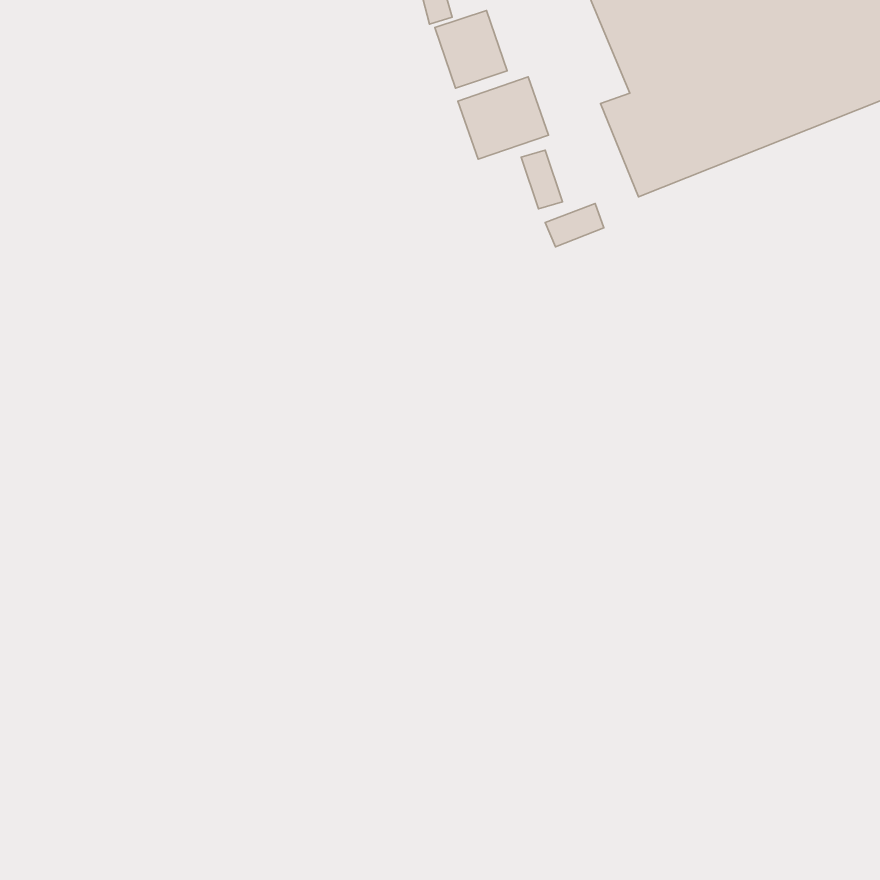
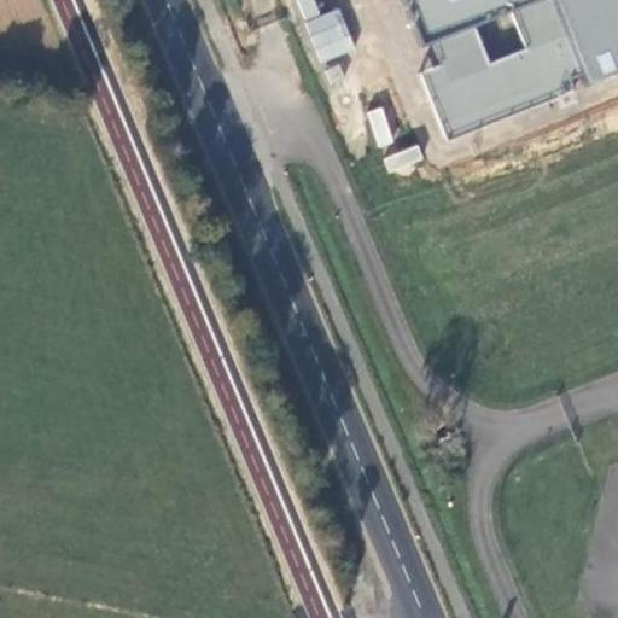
building: [458,77,549,159] -> none

